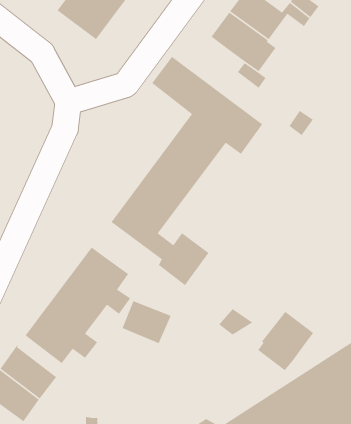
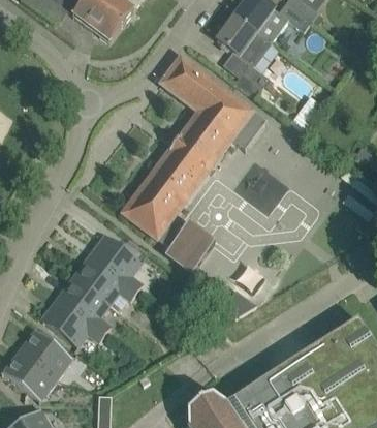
building: [122,298,172,344] -> none
building: [257,311,314,371] -> none

